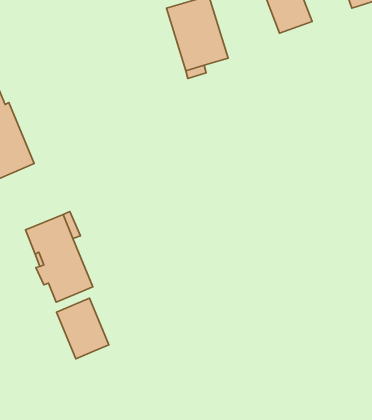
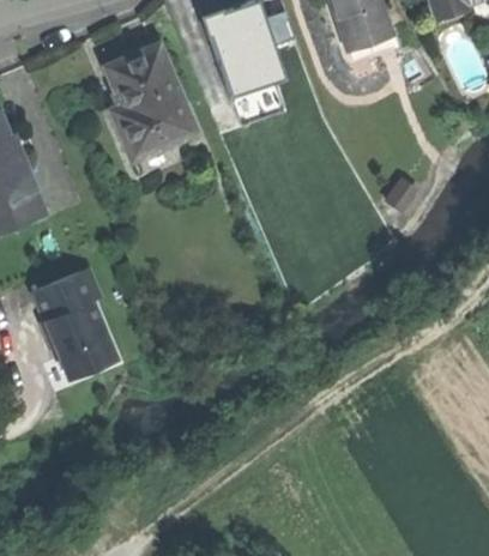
building: none -> [105,44,197,158]
building: [56,298,109,359] -> none

